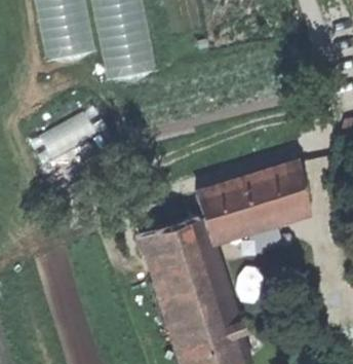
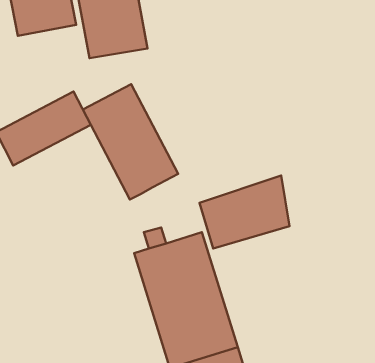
building: none -> [83,84,178,199]
building: [265,163,308,216] -> none

